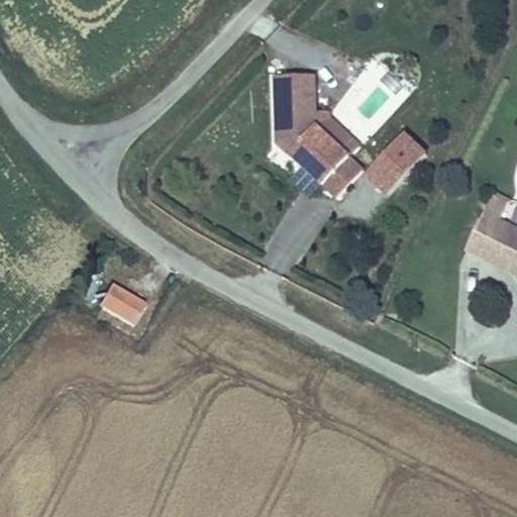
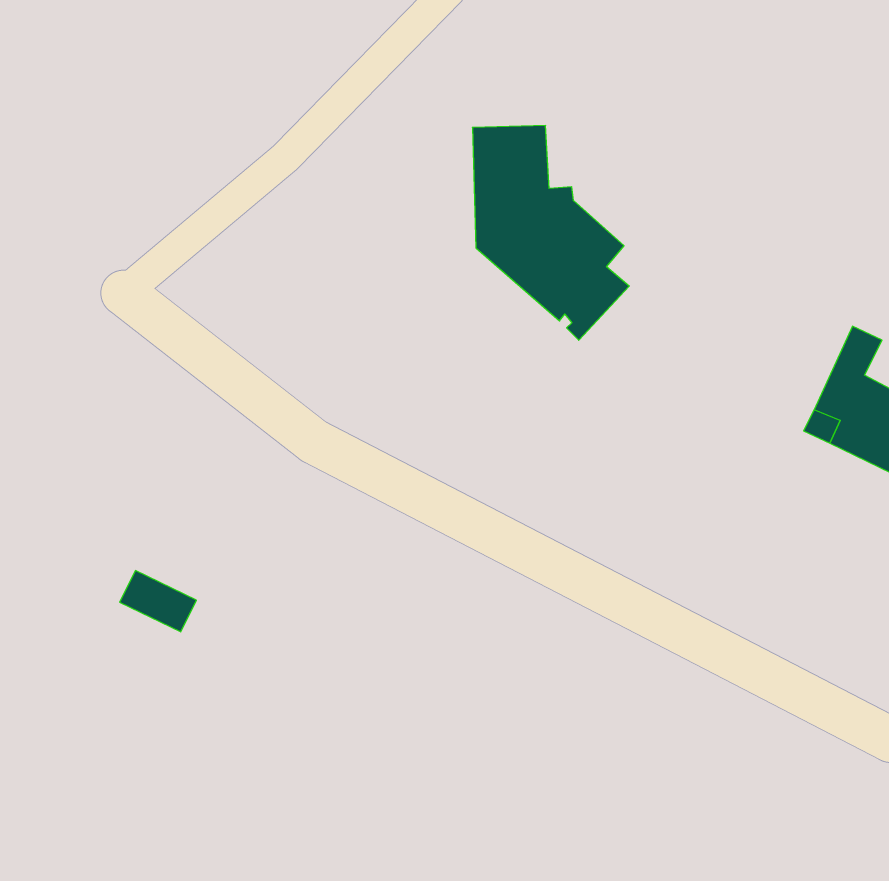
building: [367,126,432,192] -> none
building: [97,285,141,320] -> [120,571,196,632]

